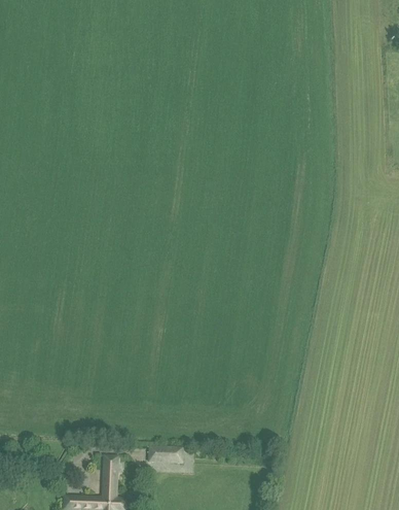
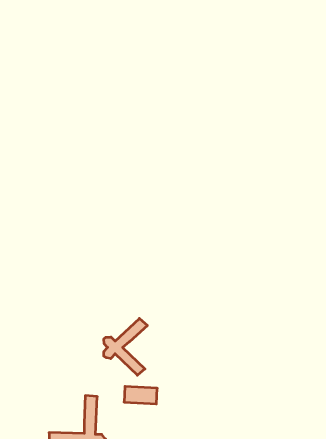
building: none -> [104,318,147,375]

